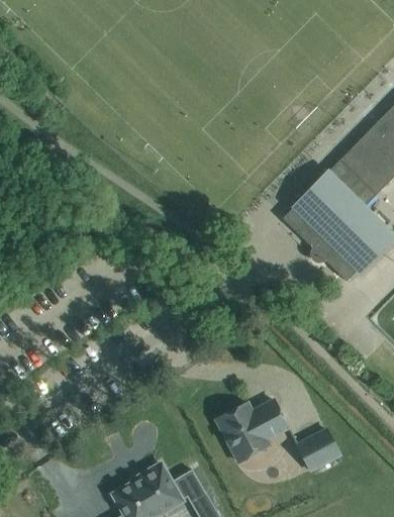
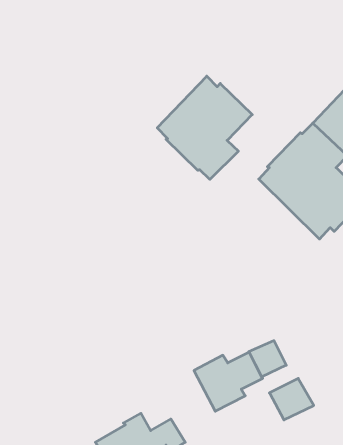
building: none -> [157,76,252,179]
building: none -> [249,341,286,377]

